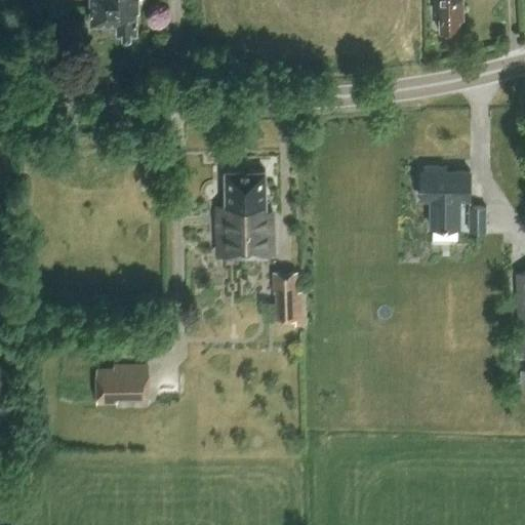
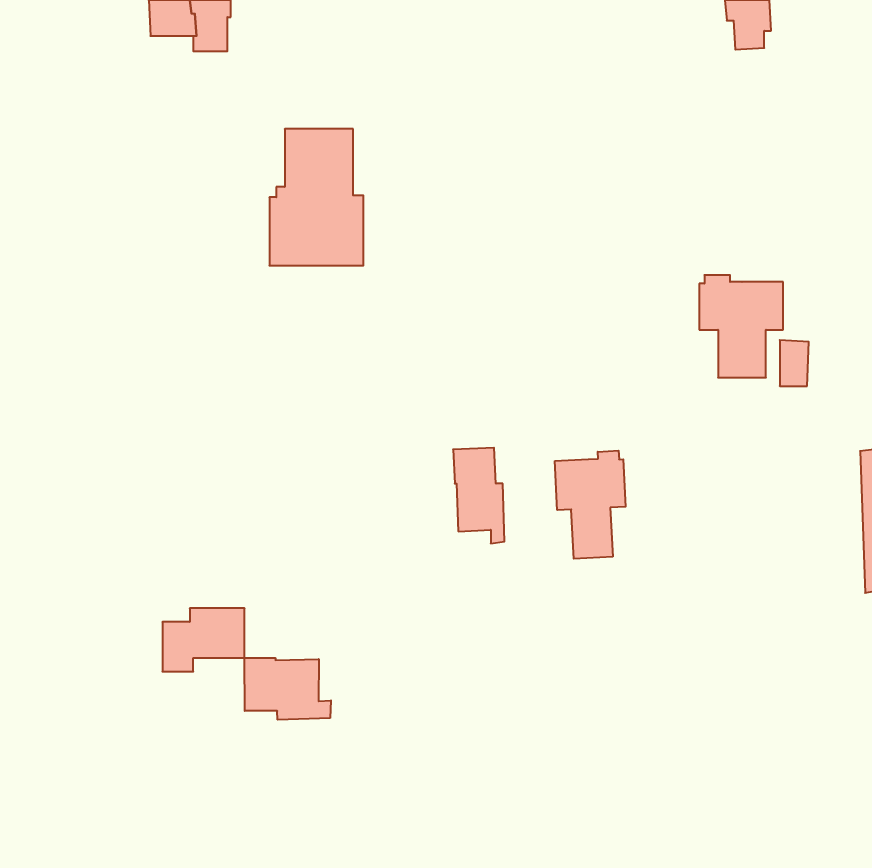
building: [216,172,273,254] -> [269,129,363,266]
building: none -> [555,451,626,559]
building: none -> [245,658,331,720]

